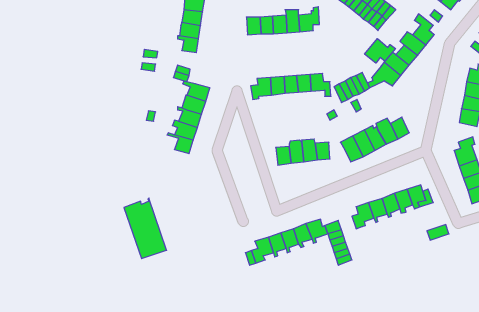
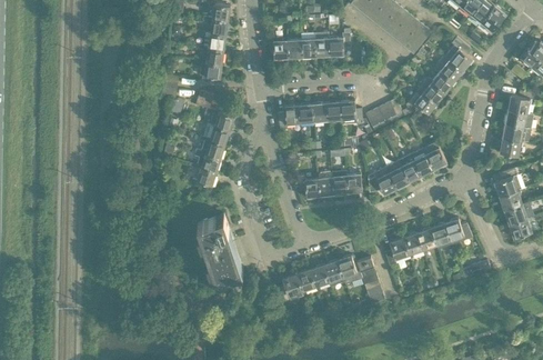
building: [365,39,395,63] -> none
building: [124,198,167,259] -> [197,214,242,279]

